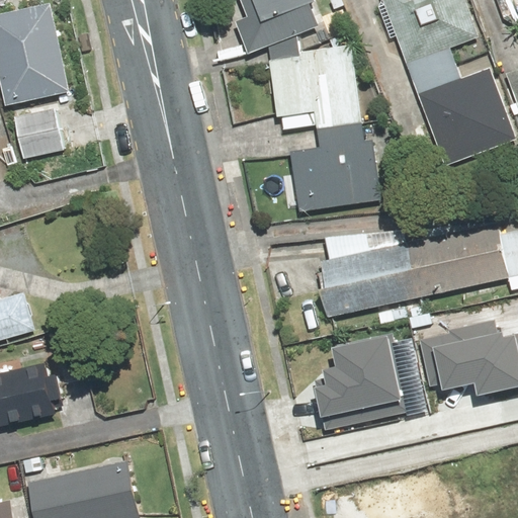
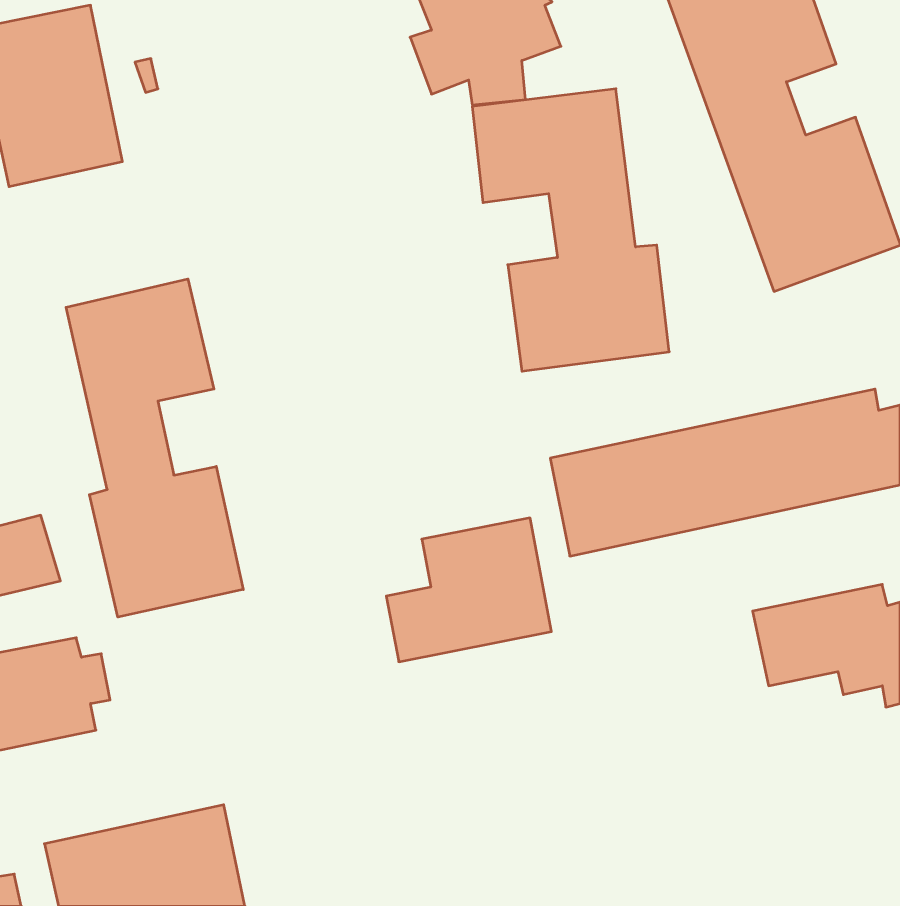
building: [12,107,64,158] -> none
building: none -> [66,279,243,617]
building: [324,343,418,425] -> [386,518,551,662]

